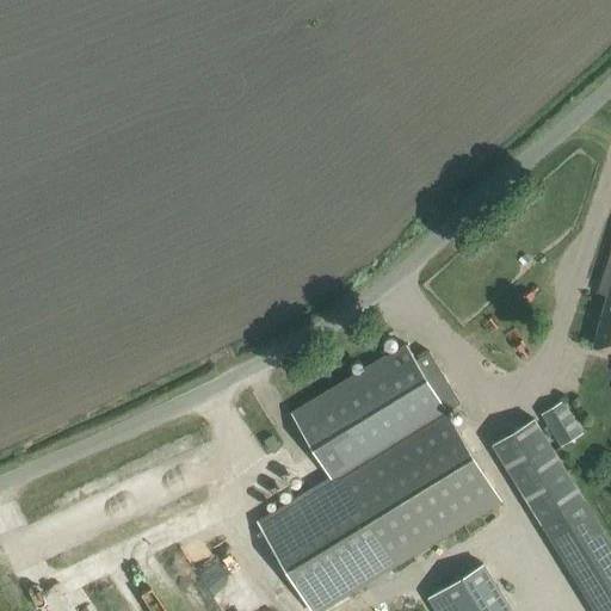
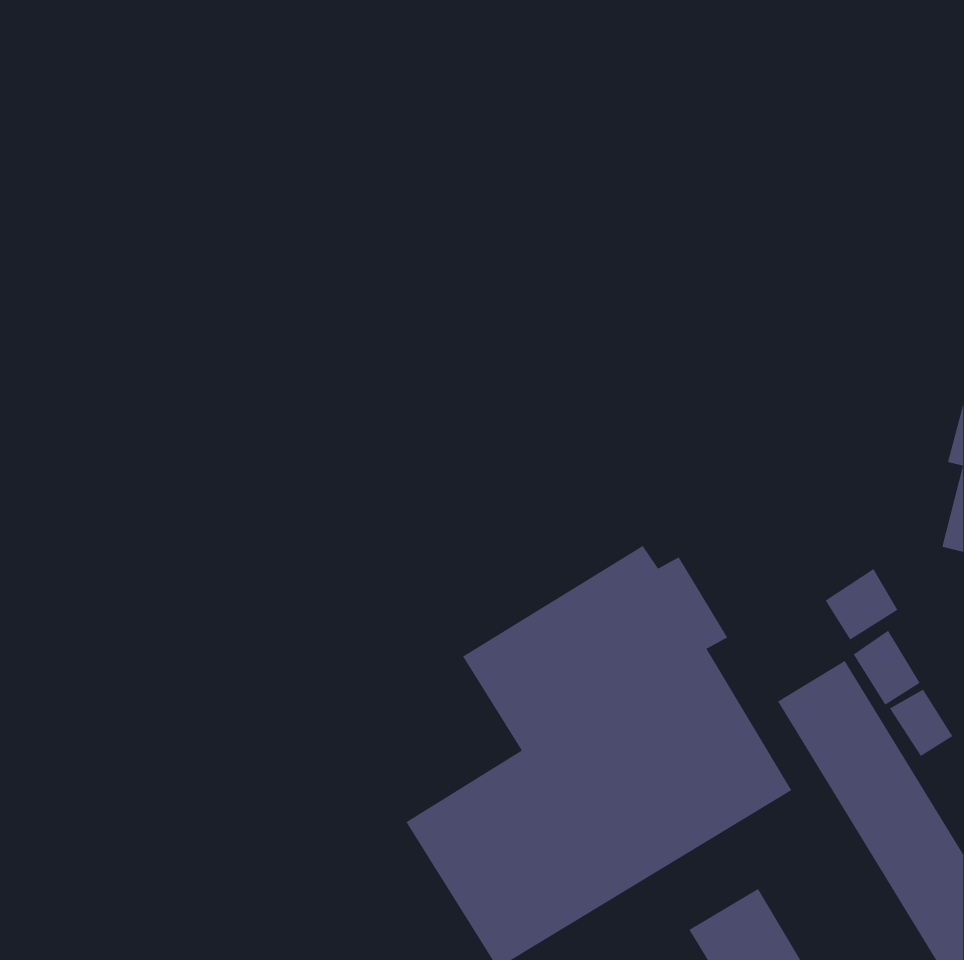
building: none -> [825,568,898,640]
building: none -> [889,689,953,757]

